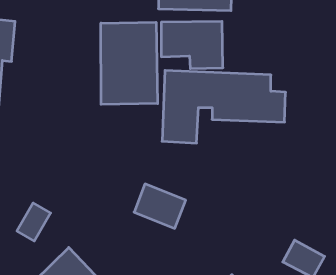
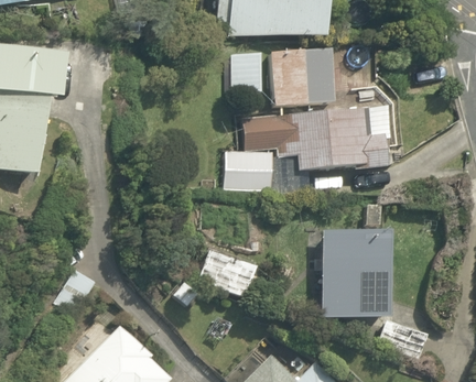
building: [101,22,158,104] -> none
building: none -> [324,229,385,324]

